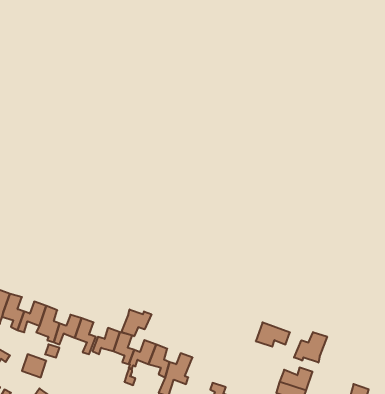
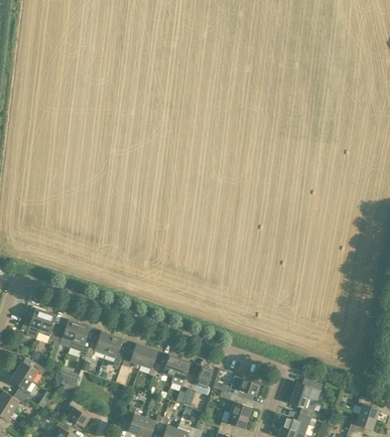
building: [122,309,151,336] -> none
building: [256,322,290,347] -> [228,376,259,398]
building: [294,332,327,363] -> none

